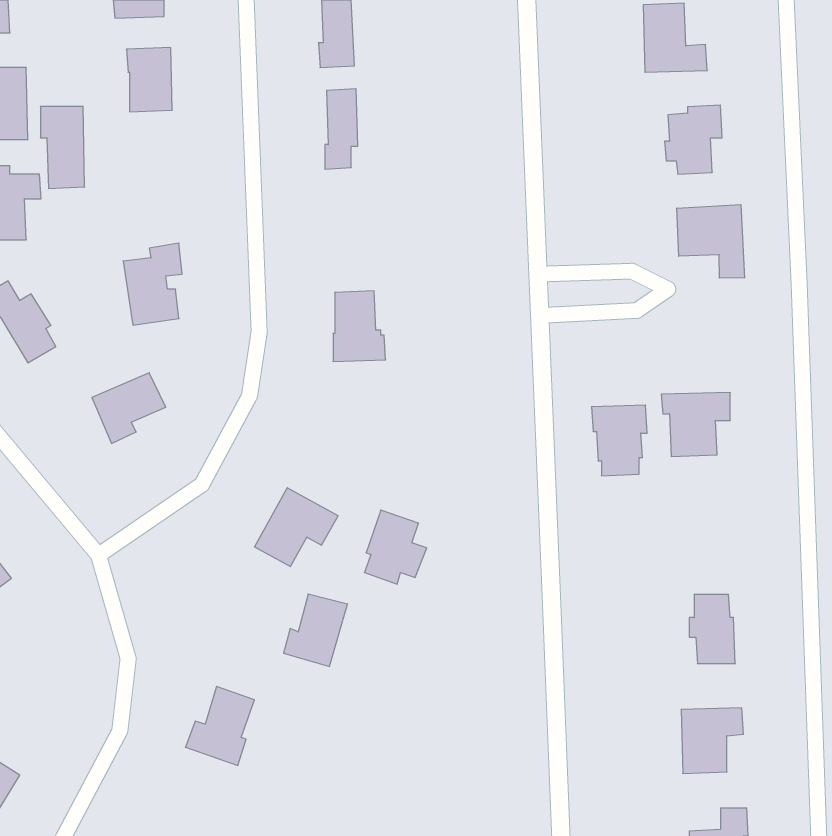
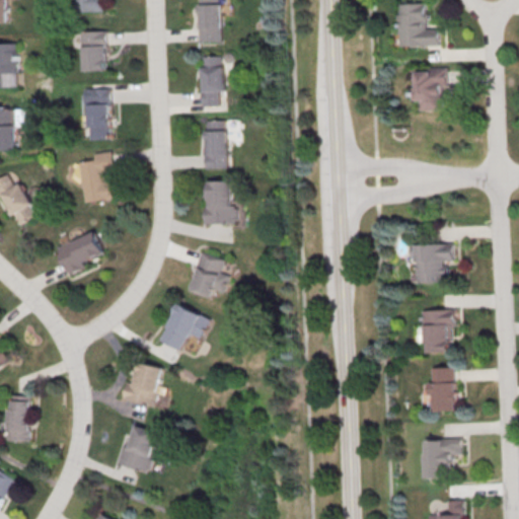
building: [40,106,85,189] -> [82,89,109,140]
building: none -> [204,121,226,169]
building: [677,205,744,278] -> none
building: [591,405,647,476] -> [419,310,453,354]
building: [364,510,427,584] -> [190,252,228,298]
building: [284,594,348,666] -> [122,362,161,406]
building: none -> [5,396,28,441]

